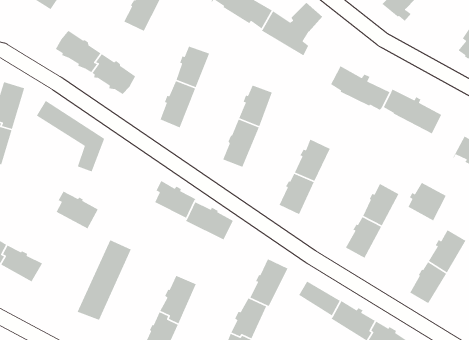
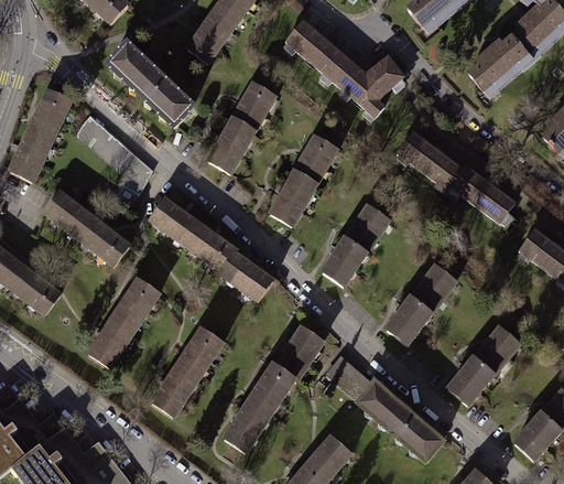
building: none -> [150,200,200,247]
building: none -> [44,192,94,240]
building: [407,182,447,222] -> none

